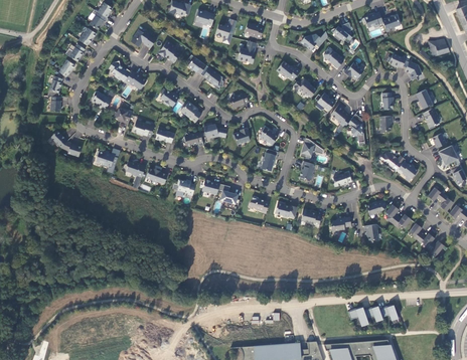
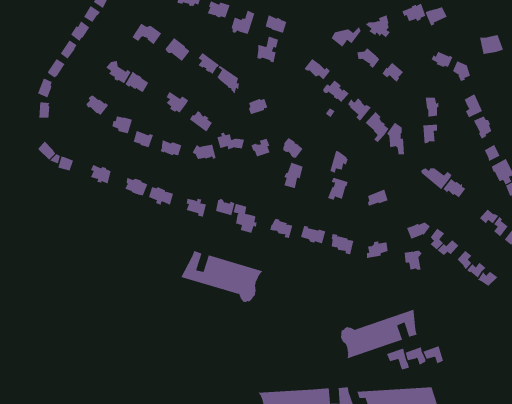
building: none -> [180,250,263,303]
building: none -> [340,309,417,359]

